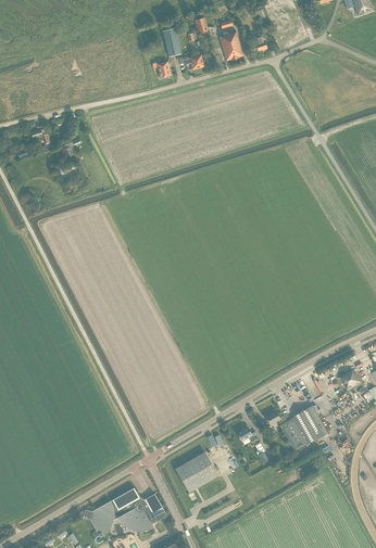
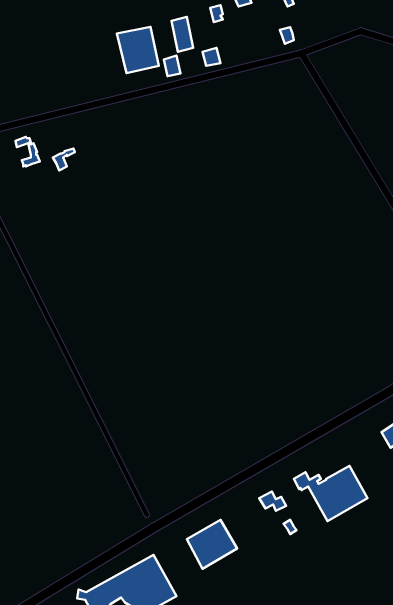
building: [218,30,242,60] -> none
building: none -> [117,27,159,73]

